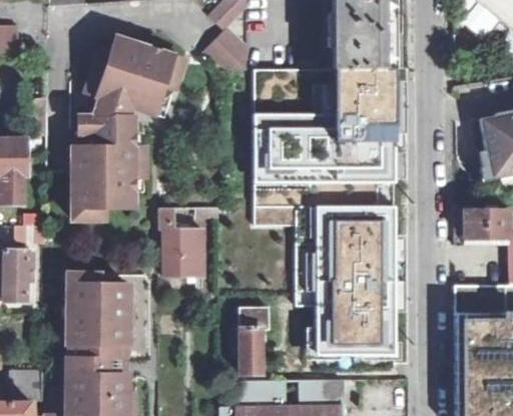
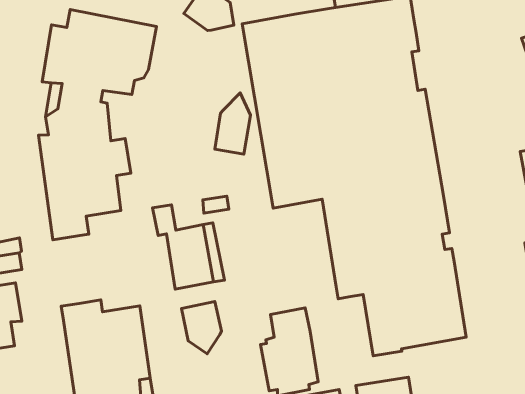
building: none -> [215,93,251,154]
building: none -> [181,302,222,354]

